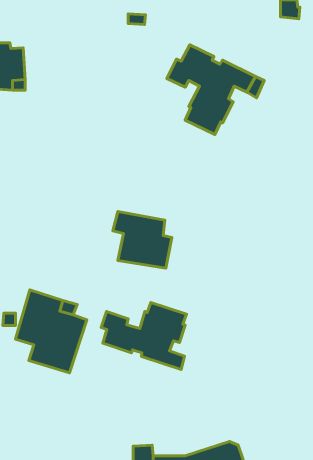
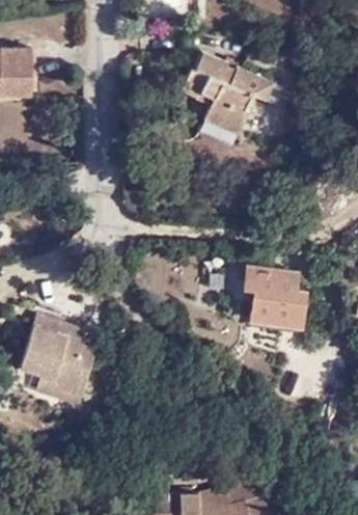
building: [113,211,172,268] -> [244,265,307,326]
building: [101,302,187,369] -> none

